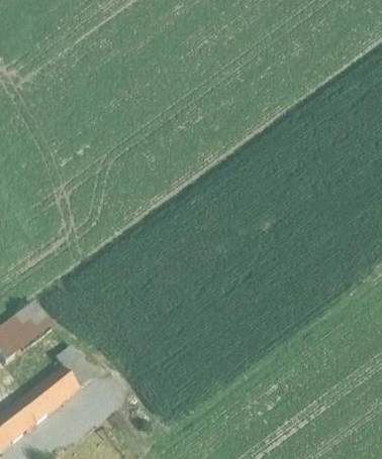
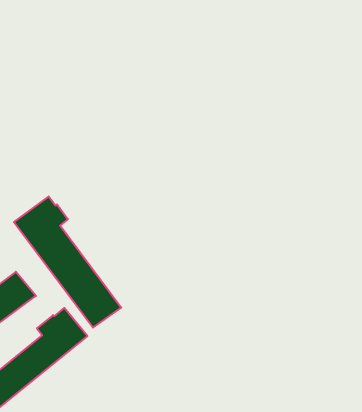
building: none -> [14,196,121,328]

